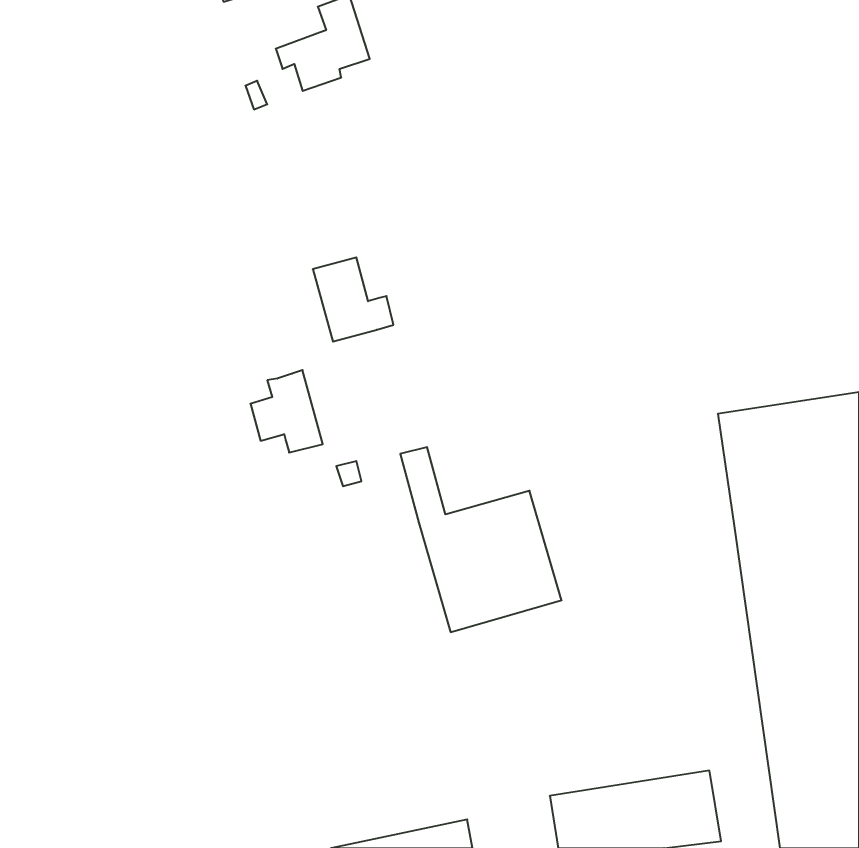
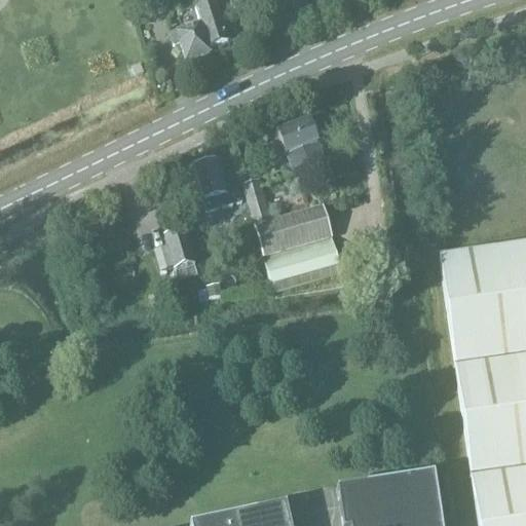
building: none -> [277,117,323,166]
building: [400,447,562,632] -> [242,177,341,290]

